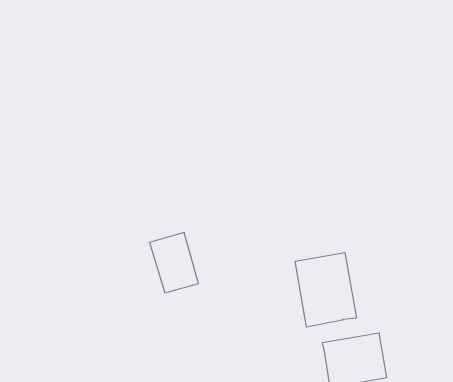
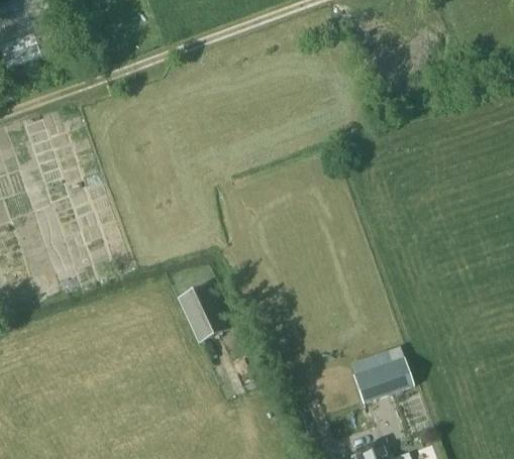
building: [295,252,356,327] -> none

